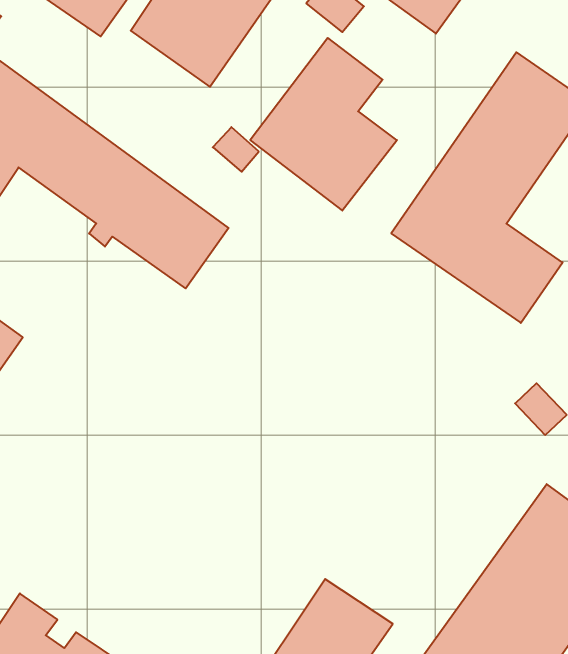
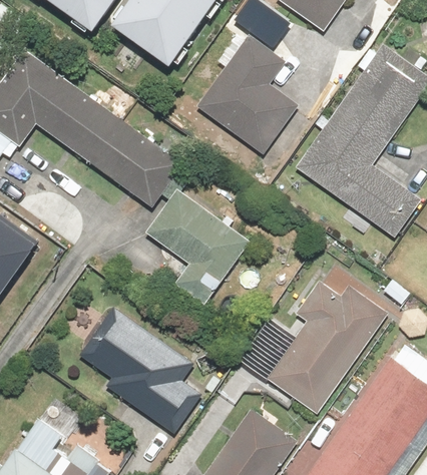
building: none -> [148,190,250,306]
building: none -> [268,283,387,411]
building: none -> [77,306,198,433]

